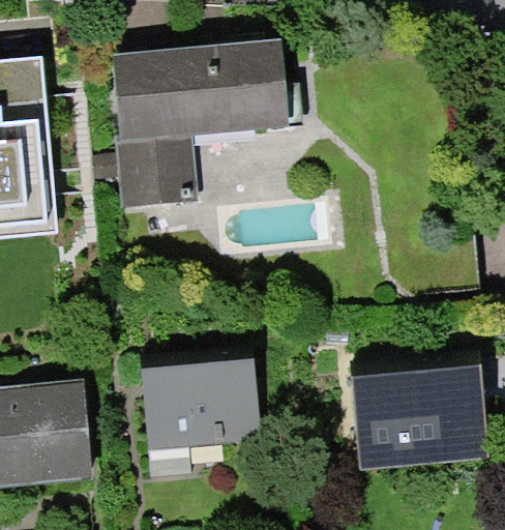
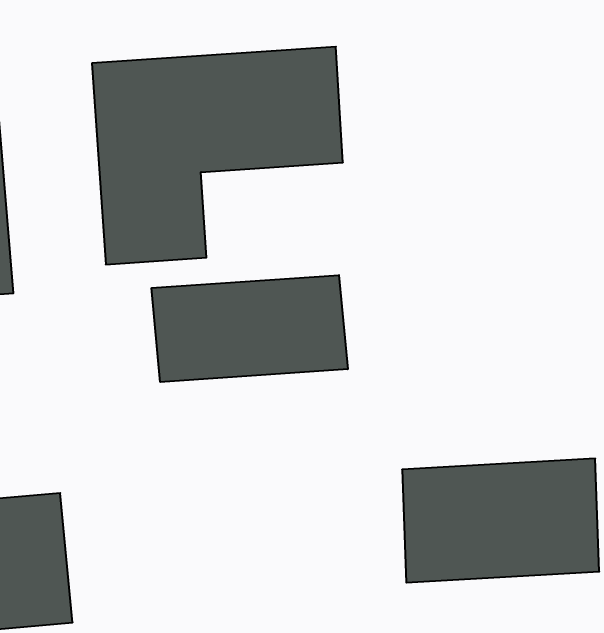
building: none -> [152,275,348,382]
building: [143,349,259,478] -> none

